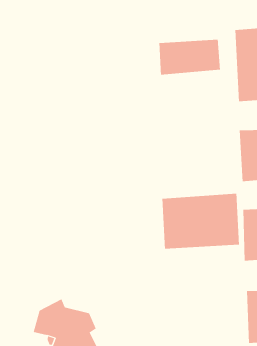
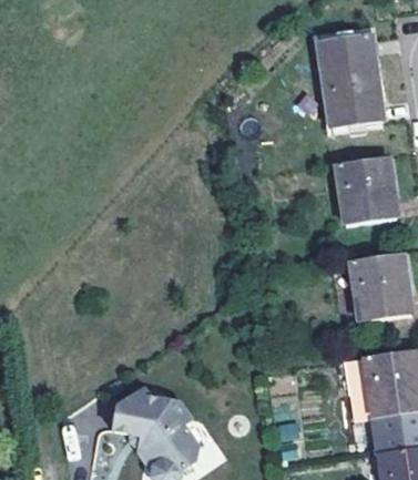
building: [159,39,220,75] -> none
building: [162,193,239,249] -> none

